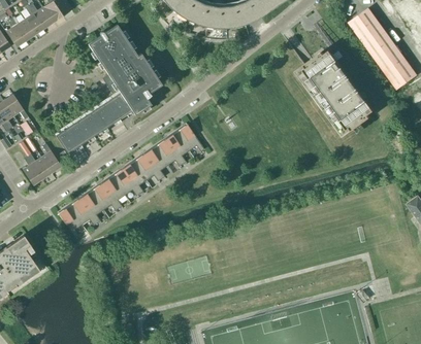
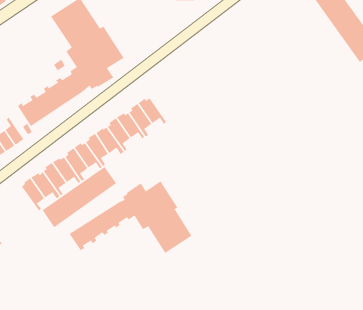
building: [303,49,375,131] -> none
building: none -> [42,166,117,228]
building: none -> [69,181,192,254]

